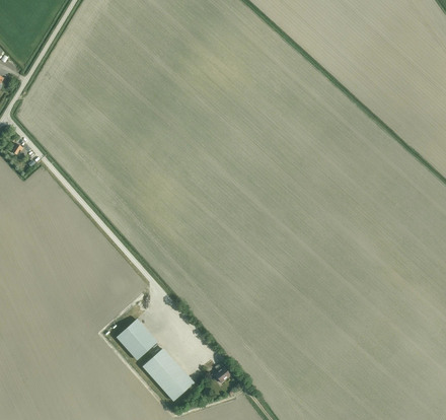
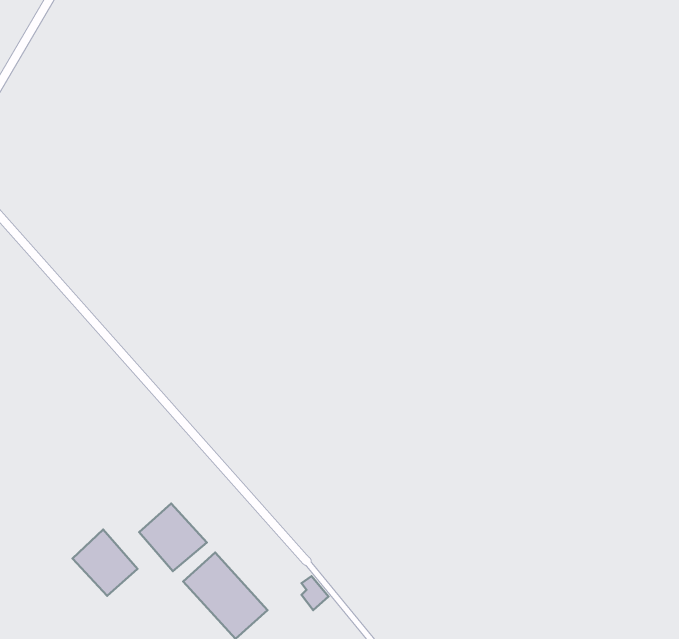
building: none -> [72,529,138,596]

